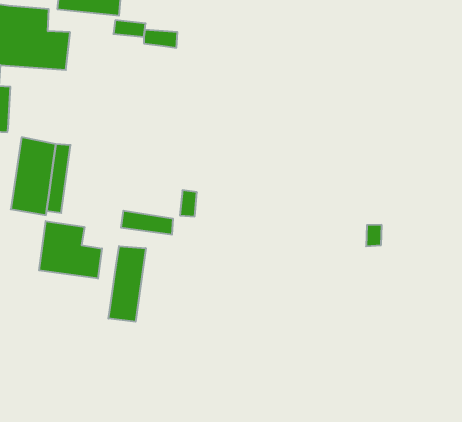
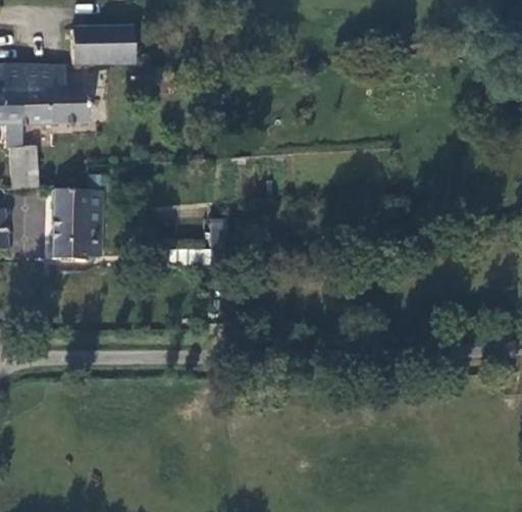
building: [39,221,102,279] -> none
building: [108,246,146,322] -> none

